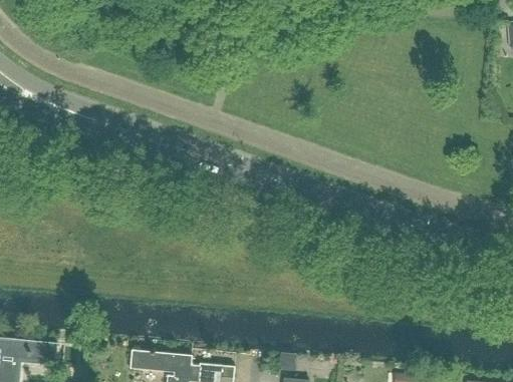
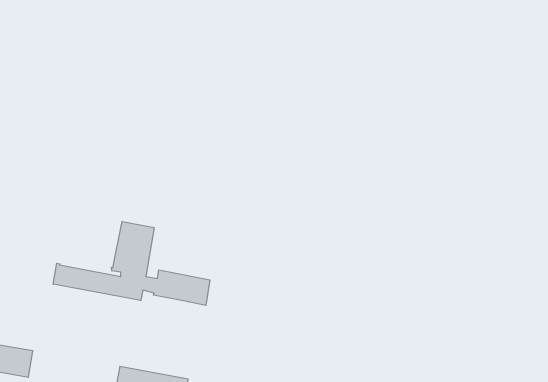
building: none -> [53,221,210,305]

